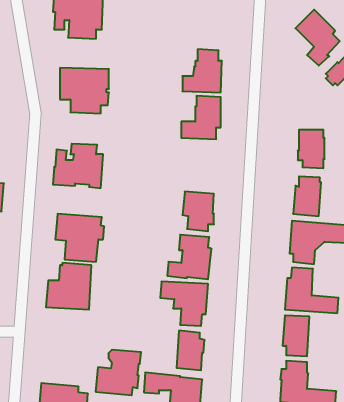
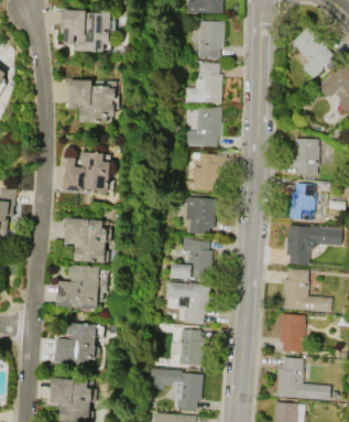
building: none -> [197,21,222,57]
building: none -> [185,153,225,191]
building: [96,350,141,395] -> [53,323,96,366]

